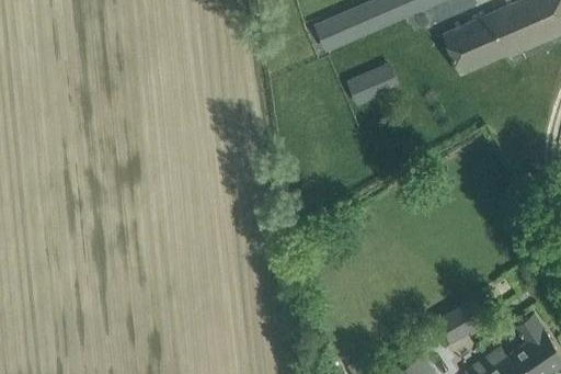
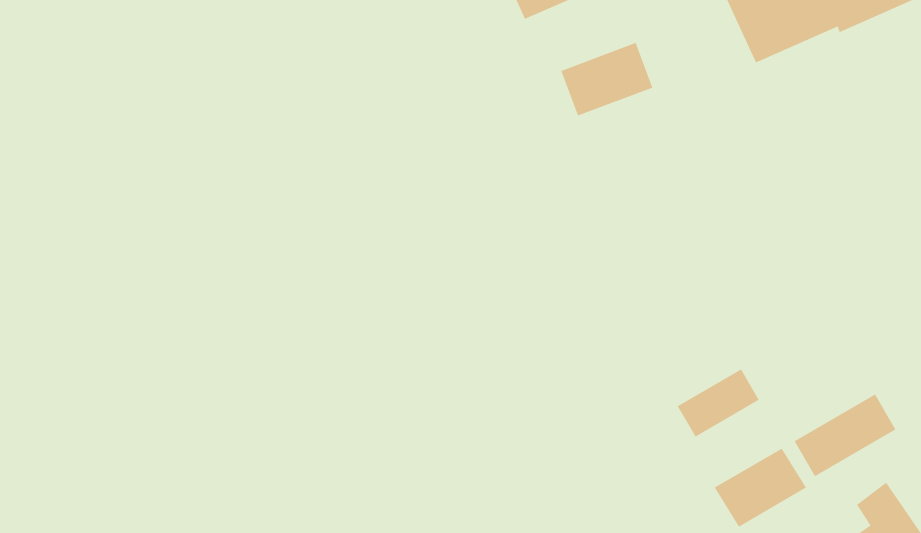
building: none -> [677,368,760,437]
building: none -> [794,393,896,477]

